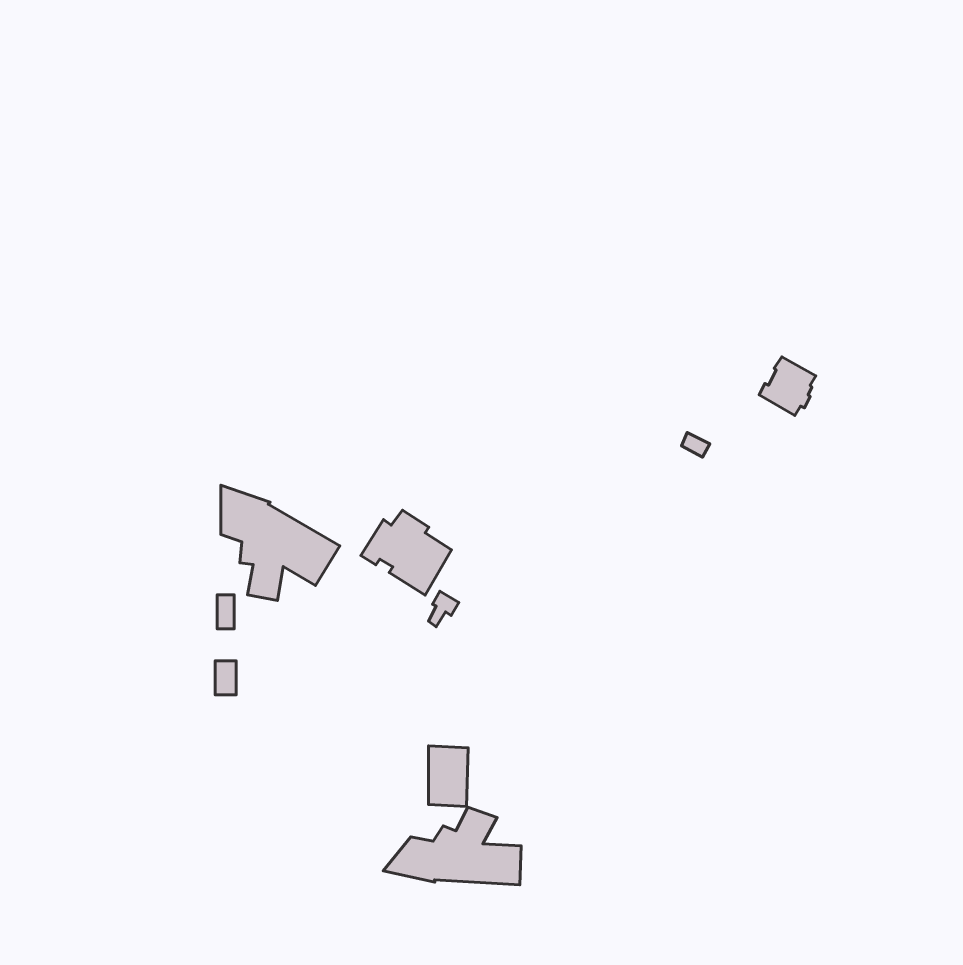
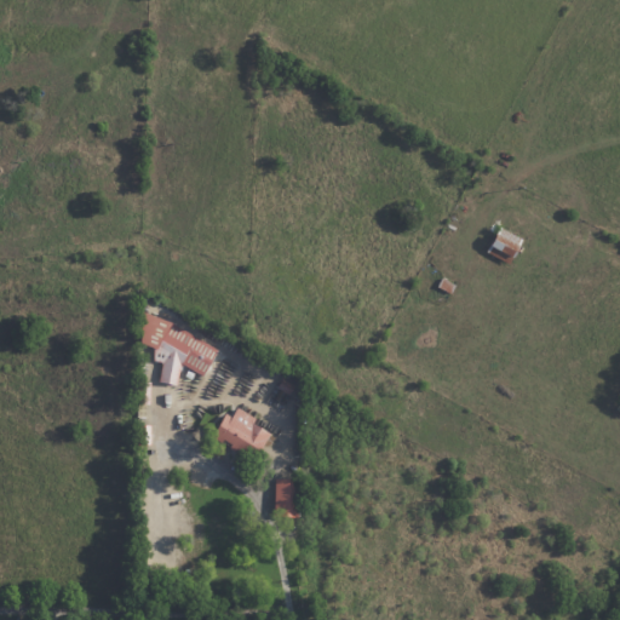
building: [361,510,452,595] -> [212,408,270,463]
building: [383,807,521,885] -> none

